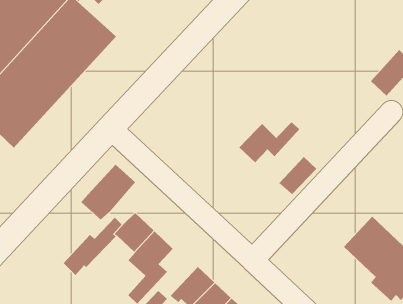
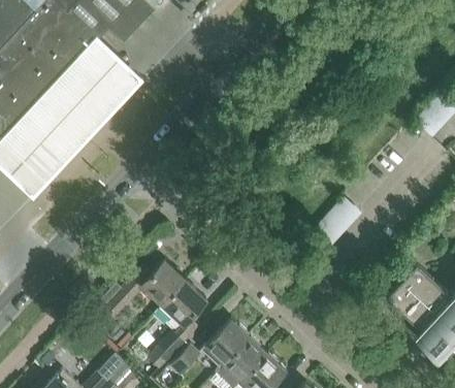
building: [239,122,300,163] -> none
building: [81,164,136,220] -> none

